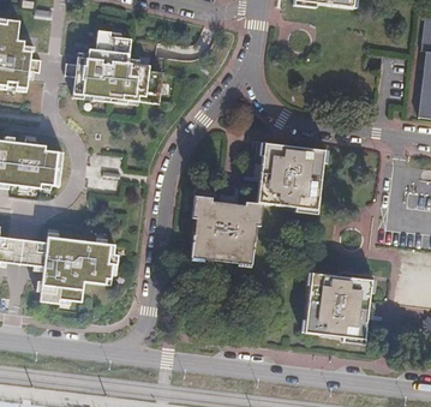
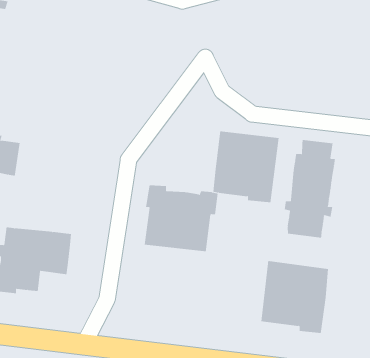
building: [65,30,163,103] -> none
building: none -> [284,139,335,239]

